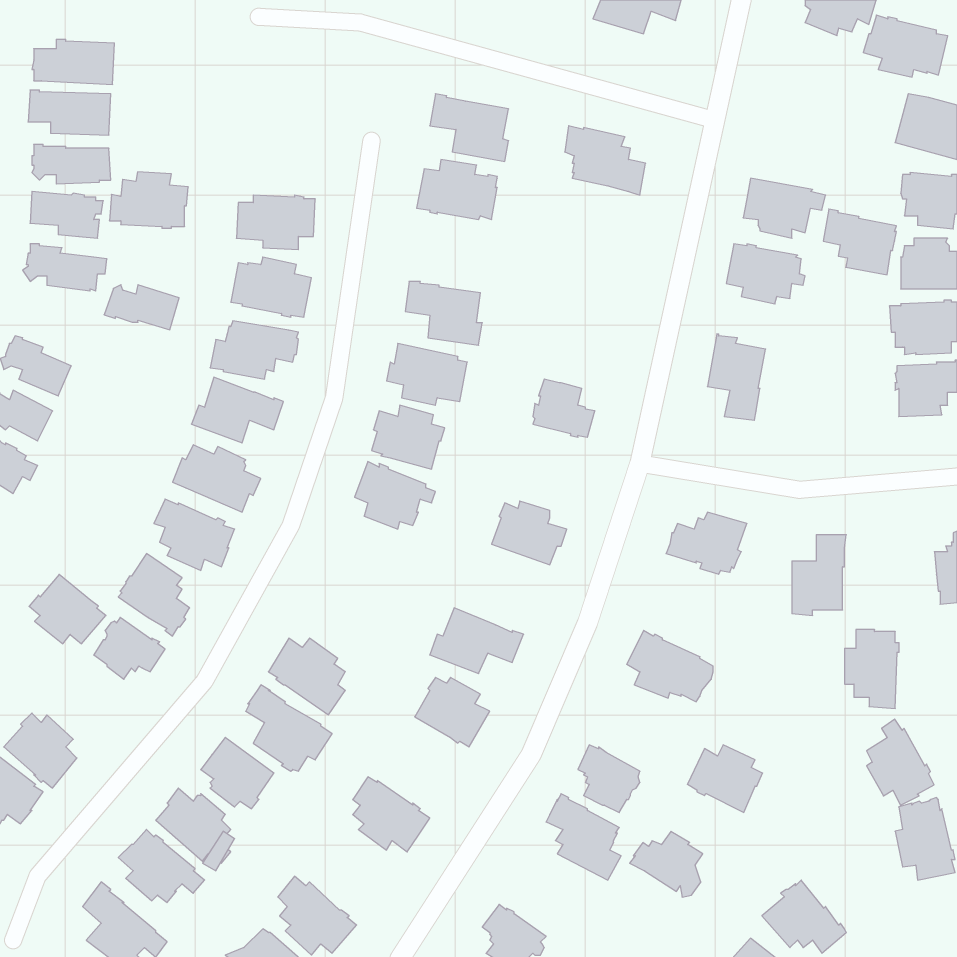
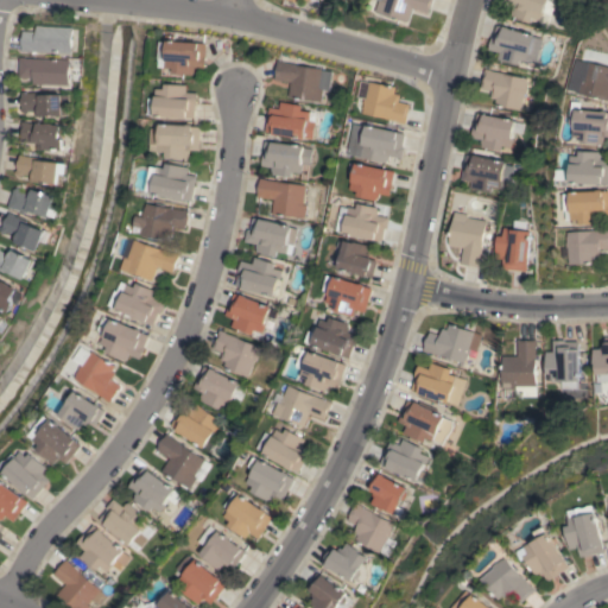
building: [863,15,948,77] -> [487,26,540,65]
building: none -> [157,42,205,76]
building: [109,172,188,228] -> [147,84,197,120]
building: none -> [347,125,404,164]
building: [823,209,896,275] -> [480,69,526,110]
building: none -> [261,142,311,178]
building: none -> [349,164,394,202]
building: [104,285,179,330] -> [7,189,55,217]
building: none -> [336,204,388,242]
building: none -> [494,228,528,272]
building: none -> [324,277,372,317]
building: none -> [211,330,258,378]
building: none -> [296,350,346,392]
building: none -> [410,363,457,404]
building: [29,574,106,644] -> [32,420,81,464]
building: none -> [192,367,246,410]
building: [845,630,899,708] -> [544,341,578,391]
building: [867,719,934,805] -> [526,527,569,582]
building: none -> [245,457,293,504]
building: [687,745,763,812] -> [379,439,426,482]
building: none -> [197,526,246,571]
building: [630,831,703,897] -> [319,544,366,585]

